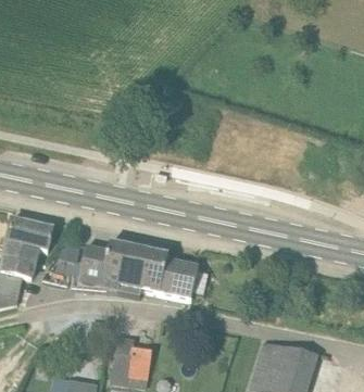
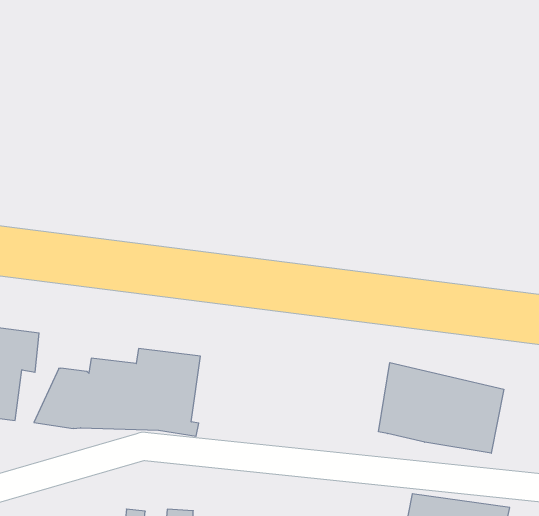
building: [137,249,199,299] -> none
building: none -> [379,363,504,453]

